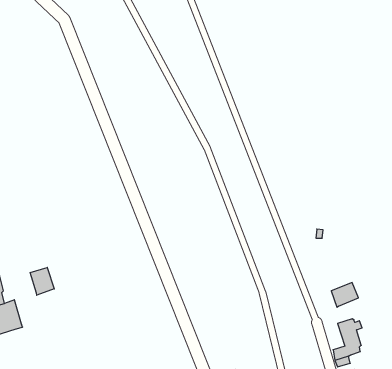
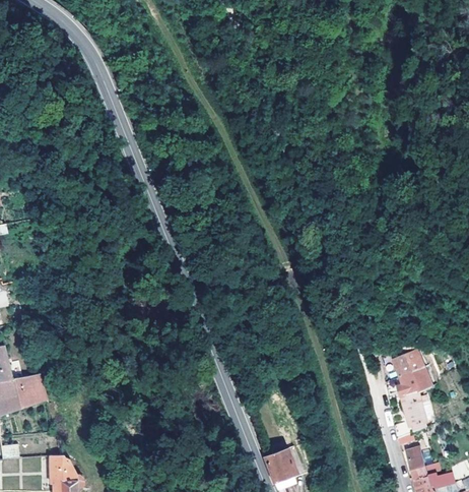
building: [30,267,54,295] -> none
building: none -> [398,368,430,396]

